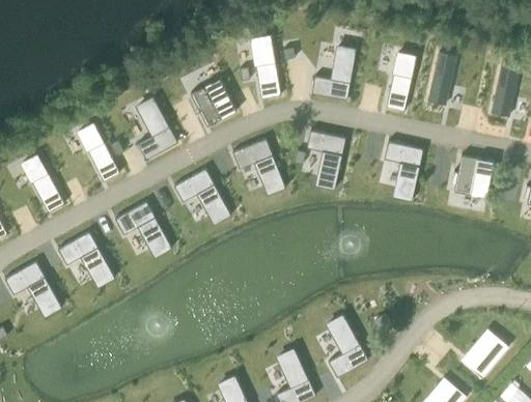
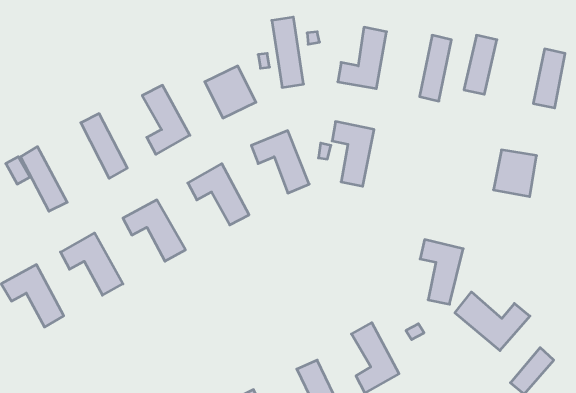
building: [384,141,423,200] -> [420,240,463,304]
building: none -> [455,292,530,351]

